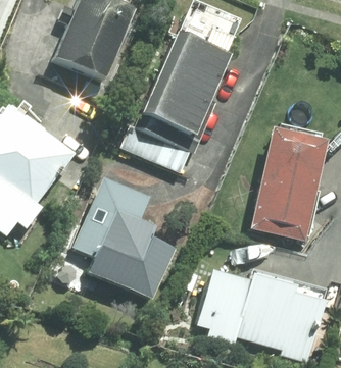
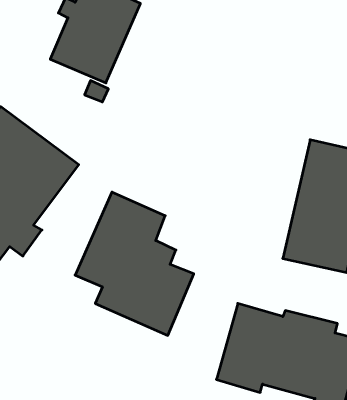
building: [117,30,231,172] -> none

